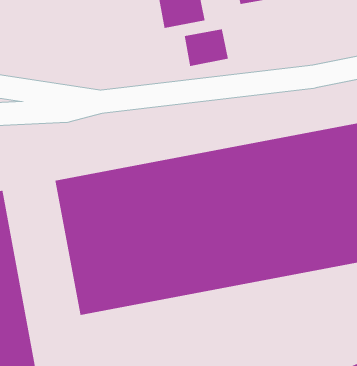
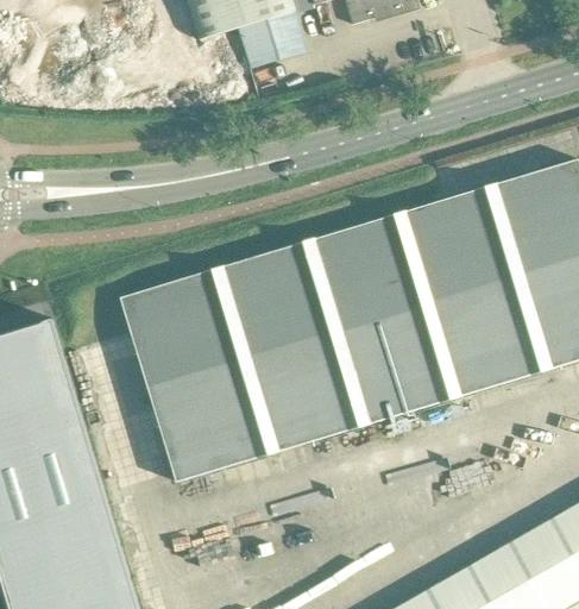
building: [184,28,228,67] -> none

